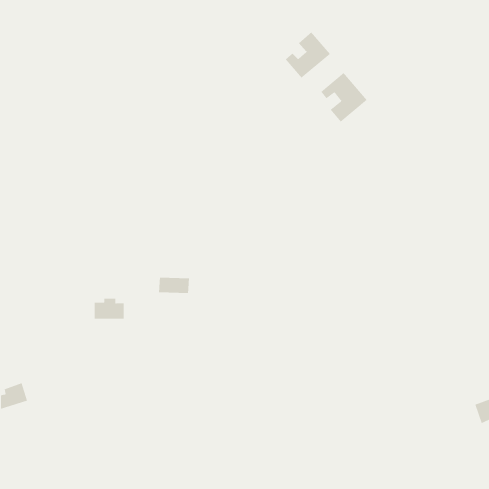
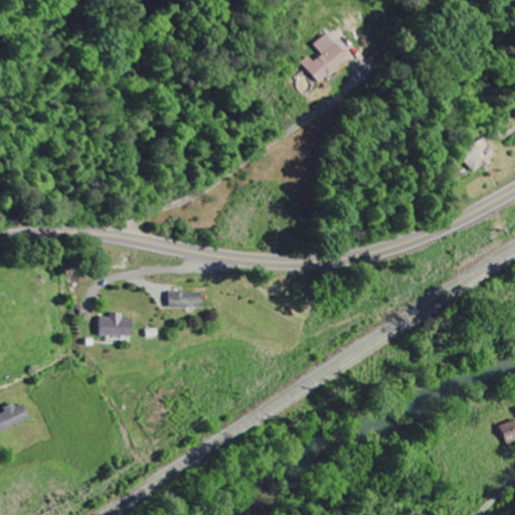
building: [321,72,368,122] -> none
building: none -> [459,137,496,172]

